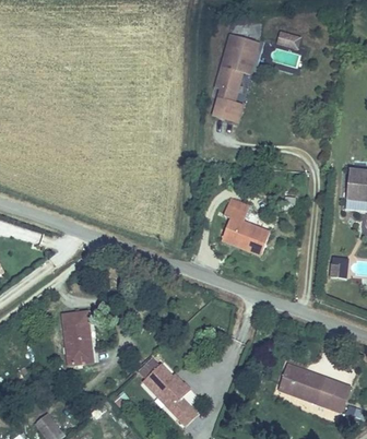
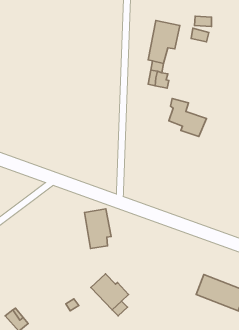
building: [225,211,273,259] -> [169,99,207,136]
building: [56,305,90,355] -> [84,209,111,248]

